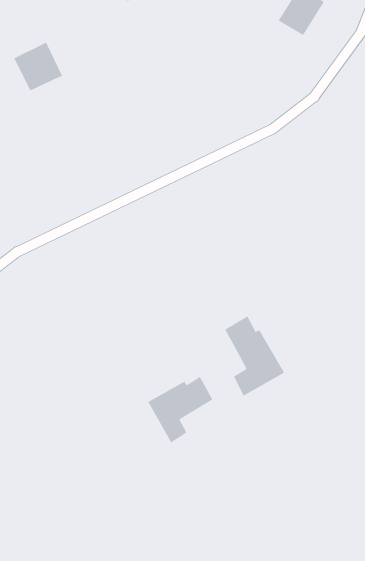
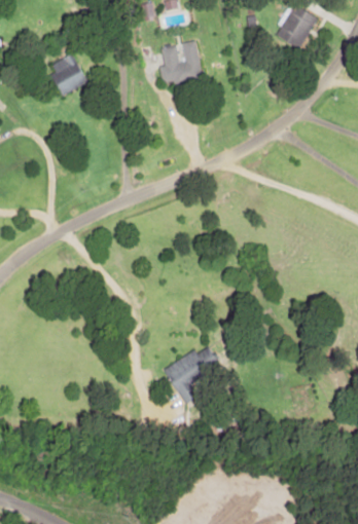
building: none -> [159,40,203,85]
building: [224,315,285,396] -> none

